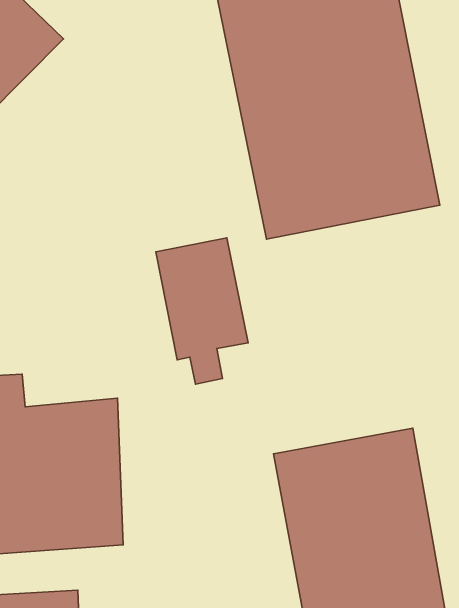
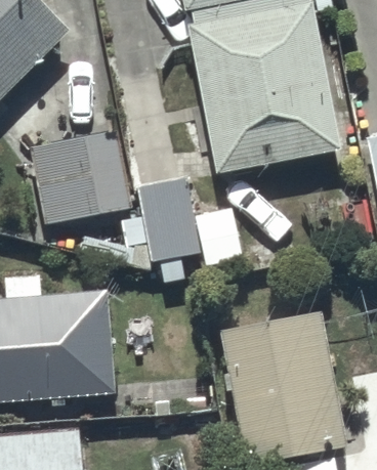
building: none -> [29,130,134,224]

